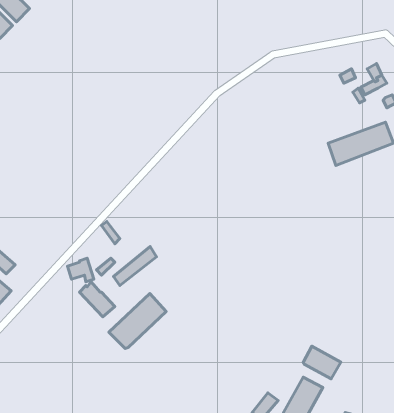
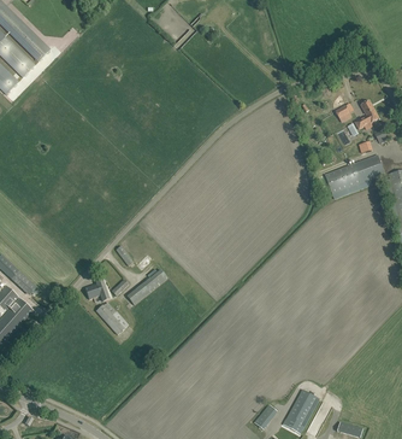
building: [109,293,166,349] -> none
building: [303,346,341,379] -> none

